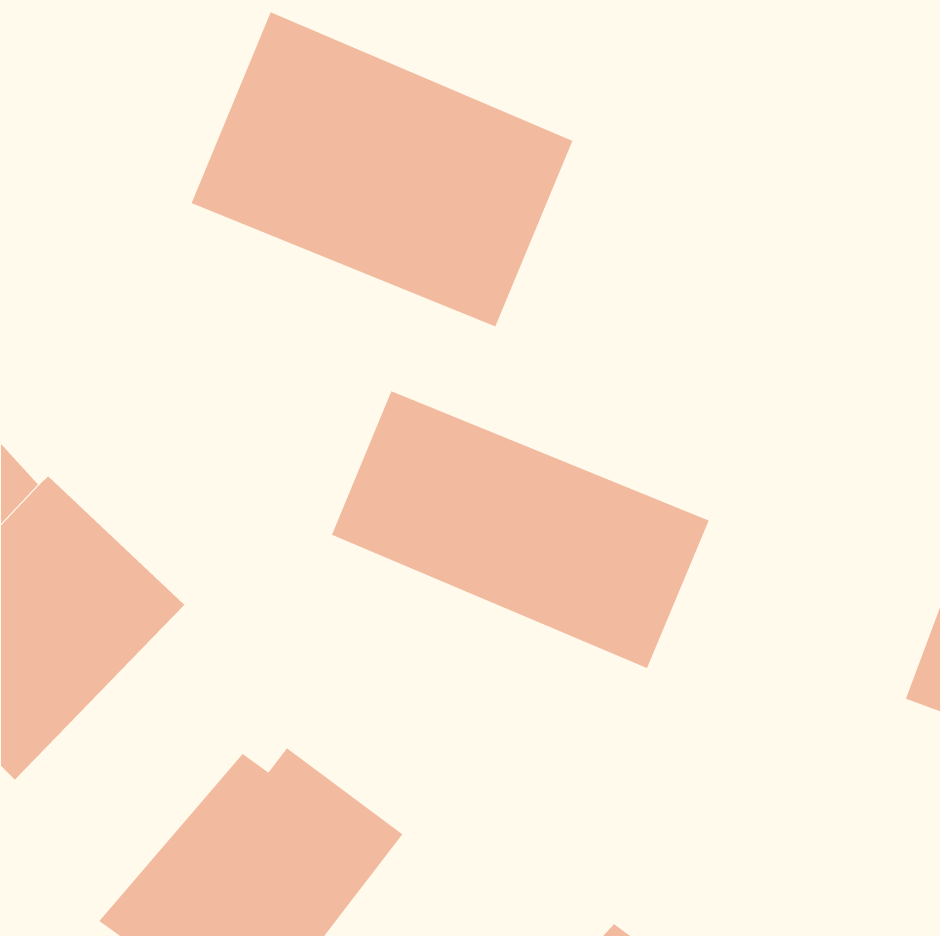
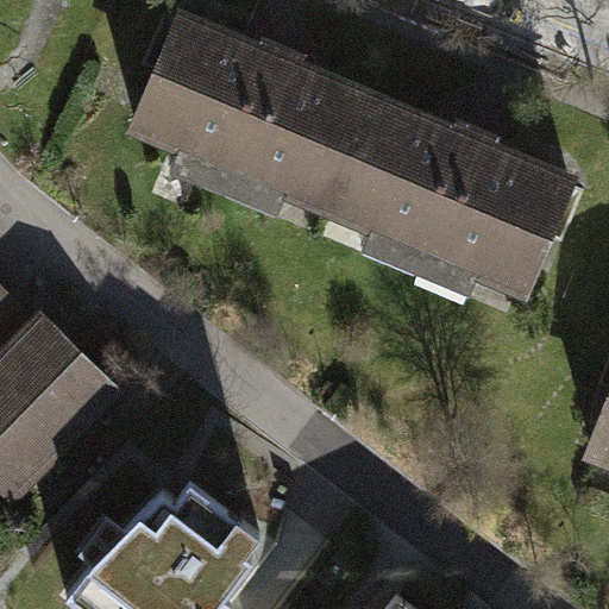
building: none -> [322,96,573,301]
building: [331,390,710,669] -> none

